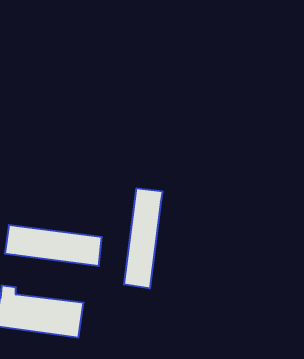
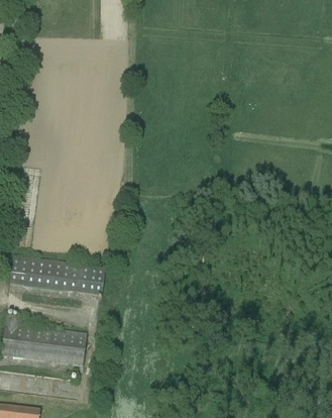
building: [124,188,162,289] -> none

